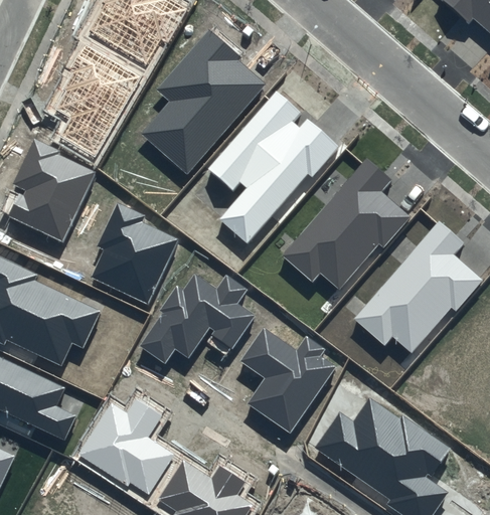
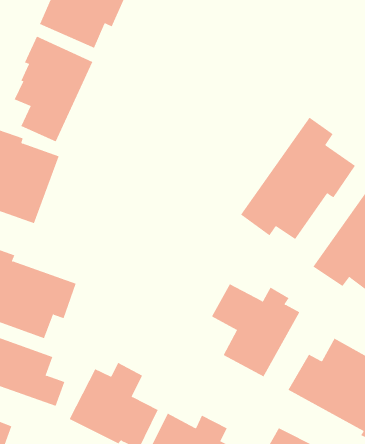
building: [143,28,265,172] -> none
building: [209,92,340,243] -> none
building: [90,203,178,305] -> none
building: [140,274,255,363] -> none

